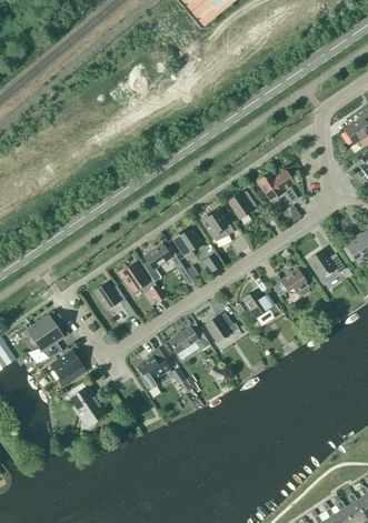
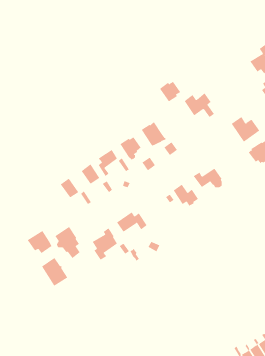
building: [227,191,256,219] -> [159,81,181,102]
building: [307,250,346,284] -> [231,116,260,142]
building: [205,312,232,342] -> none
building: [27,315,61,359] -> [54,226,81,259]

